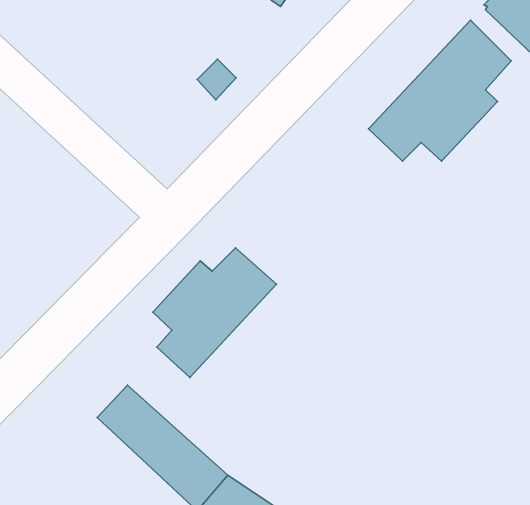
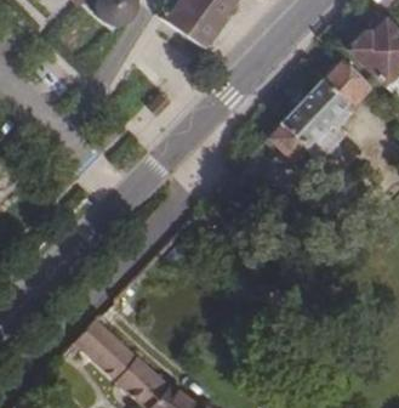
building: [153,248,277,377] -> none

